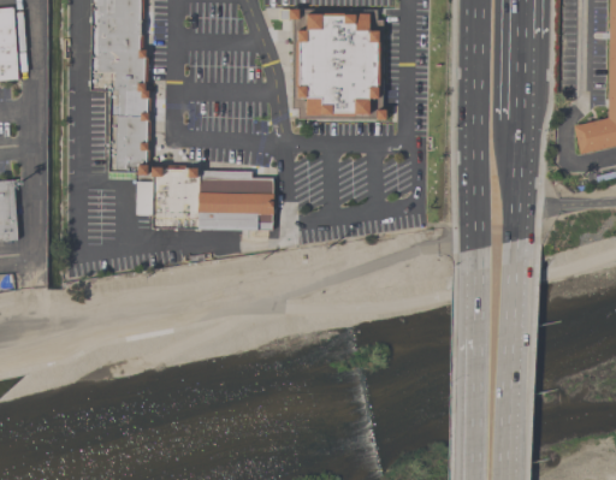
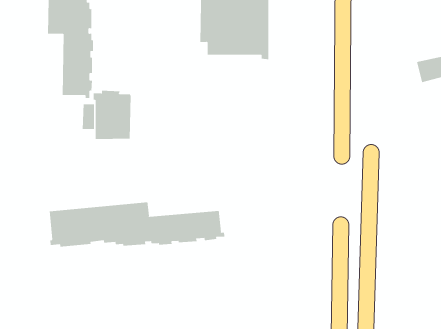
building: [201,170,274,229] -> none
building: none -> [49,202,225,248]

